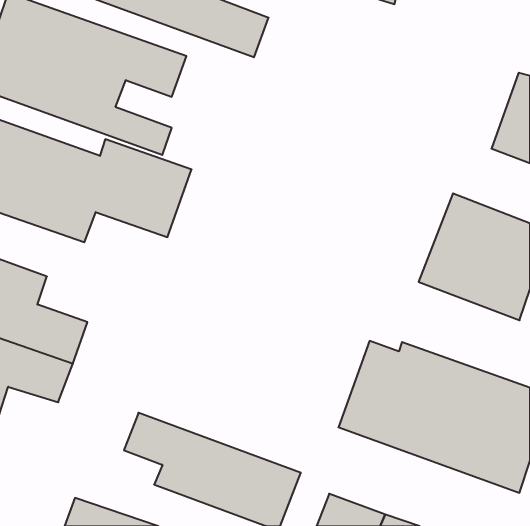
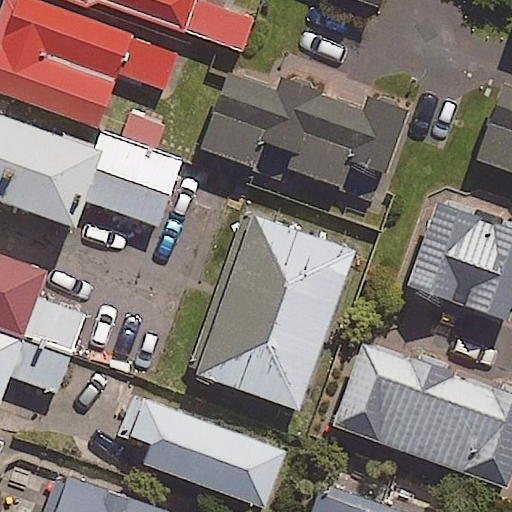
building: none -> [207,78,413,191]
building: none -> [191,215,357,412]

